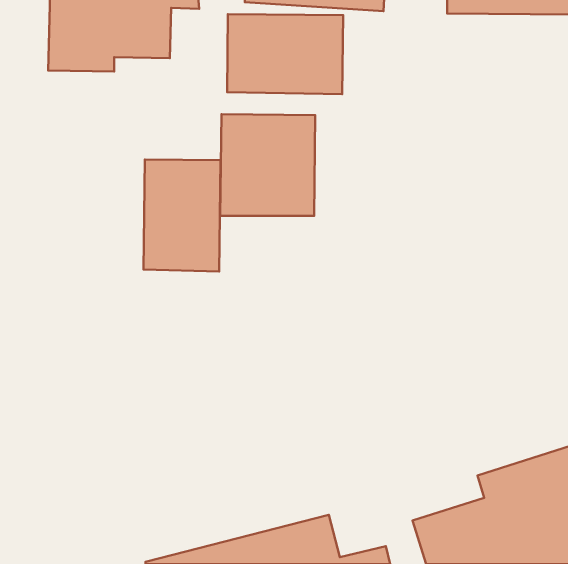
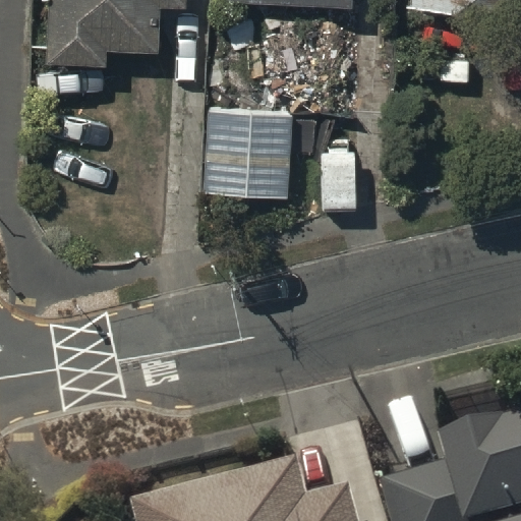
building: [227,14,343,94] -> none
building: [144,159,220,271] -> none

